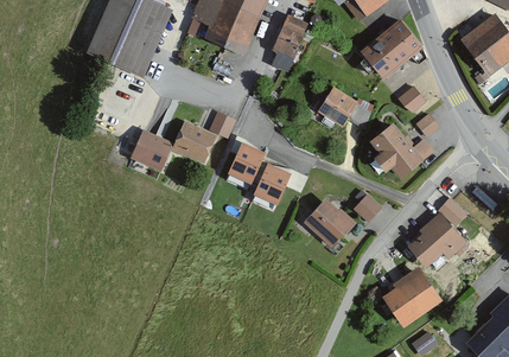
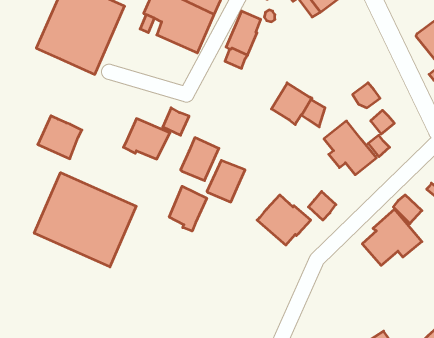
building: [361,20,426,78] -> none
building: [129,128,173,171] -> [38,116,82,159]
building: none -> [34,173,136,267]
building: none -> [169,186,207,231]
building: [381,266,443,327] -> none

